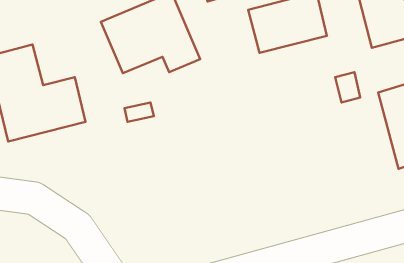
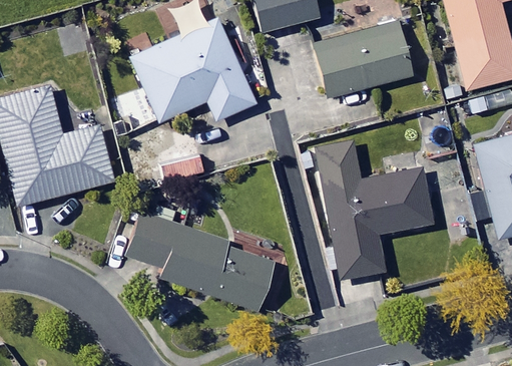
building: none -> [316,141,432,280]
building: none -> [128,214,276,310]

